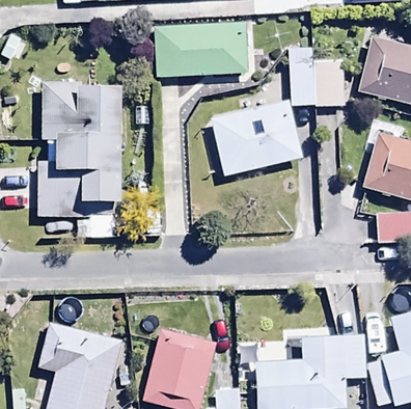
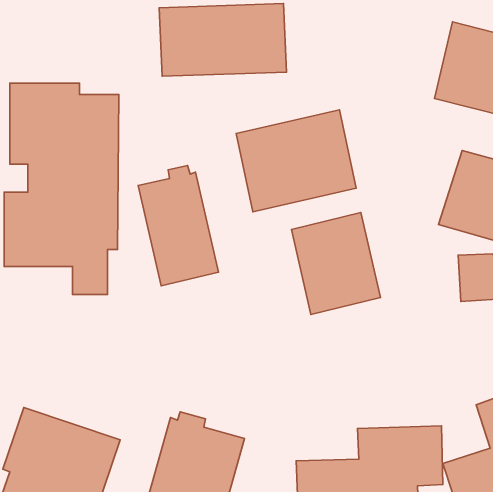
building: [290,48,344,106] -> none
building: none -> [138,165,218,286]
building: none -> [291,213,380,314]

